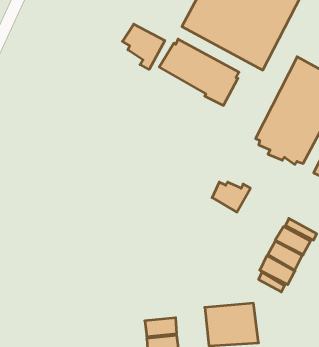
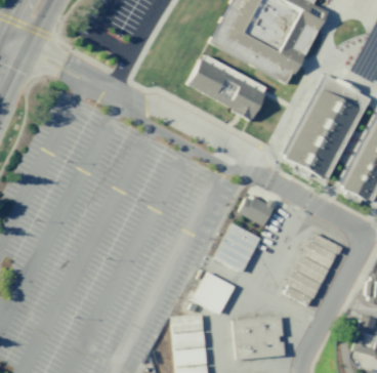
building: [122,24,165,69] -> none
building: none -> [215,223,261,272]
building: none -> [193,272,236,315]
building: none -> [171,315,205,333]

